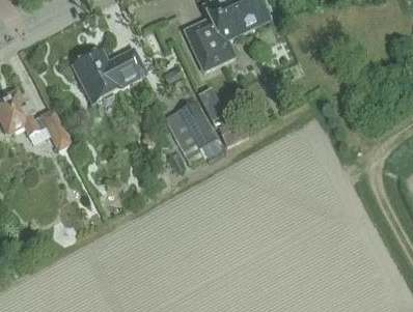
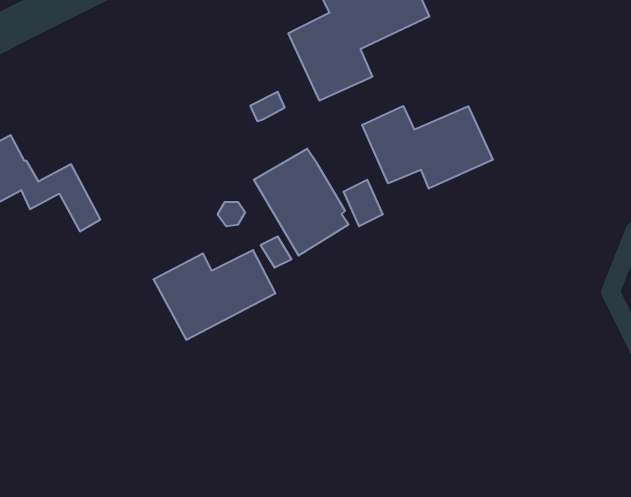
building: [72,49,145,103] -> [153,250,276,340]
building: none -> [362,106,493,189]

